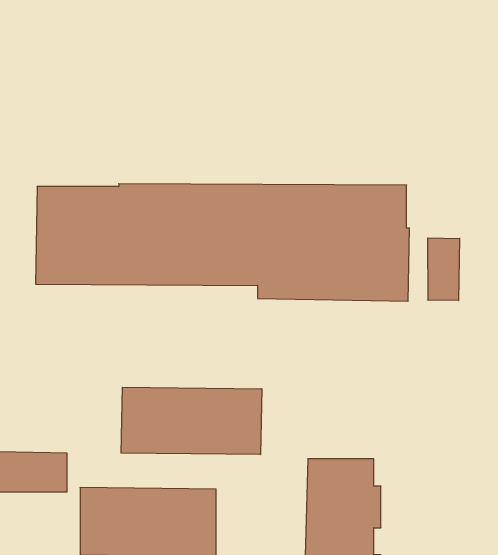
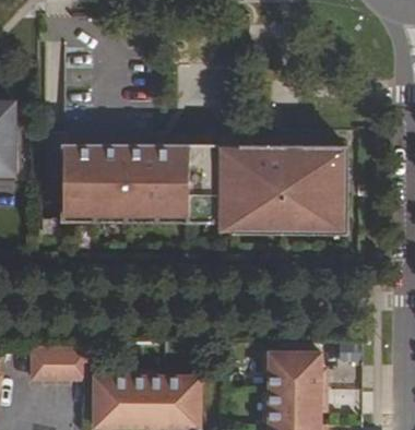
building: [428,238,460,301] -> none
building: [121,387,262,455] -> none

